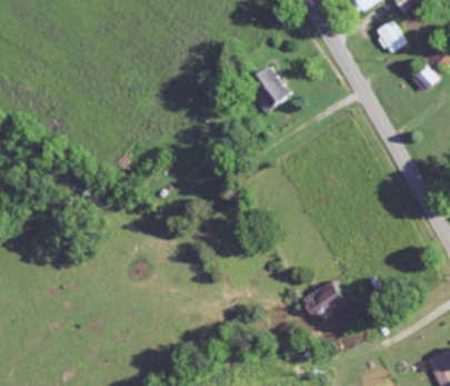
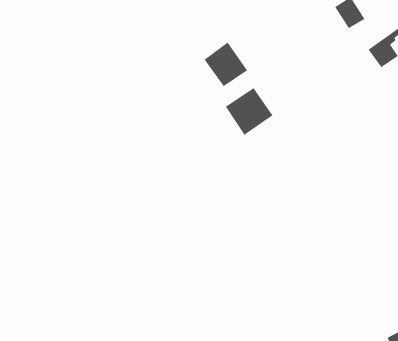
building: none -> [225,87,274,136]
building: [307,280,348,317] -> none

